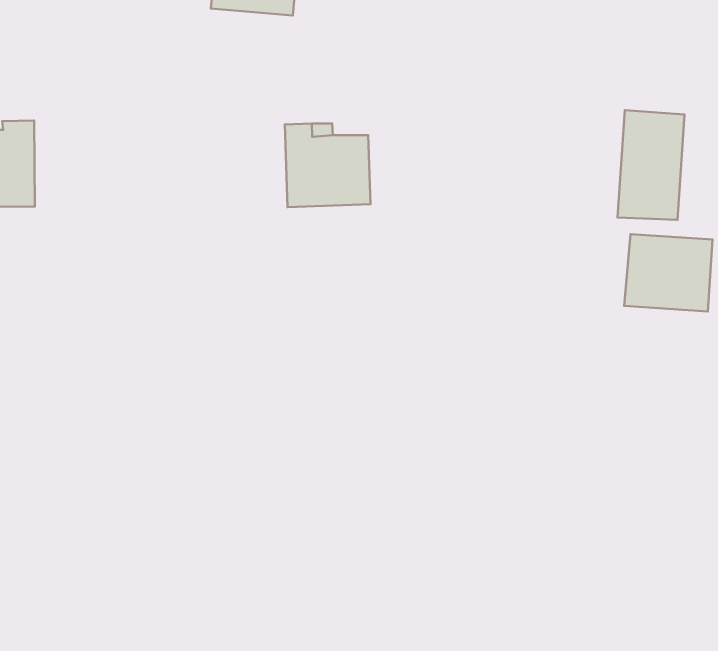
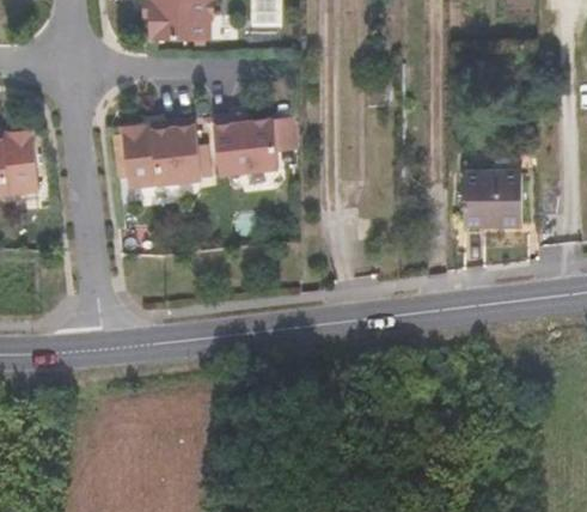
building: [617,110,685,220] -> none
building: none -> [122,120,201,188]

